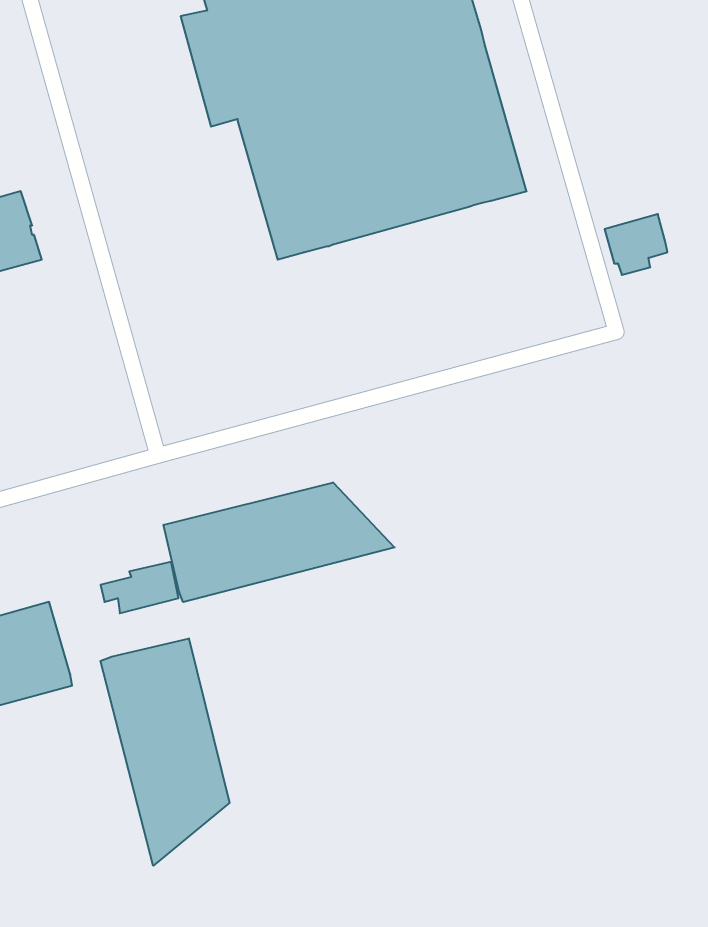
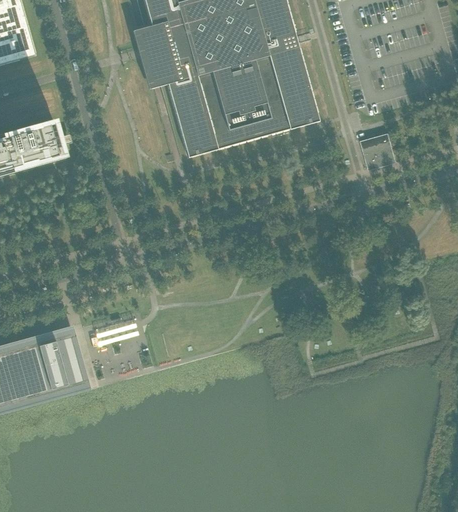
building: [164,482,395,602] -> none
building: [100,638,230,866] -> none

